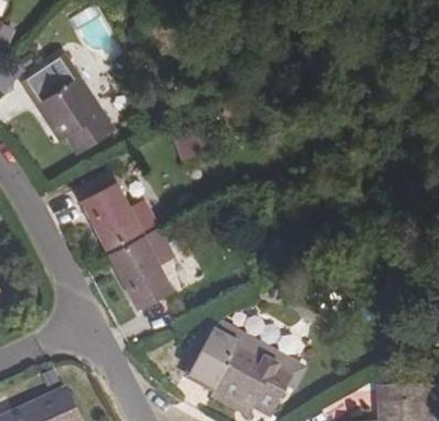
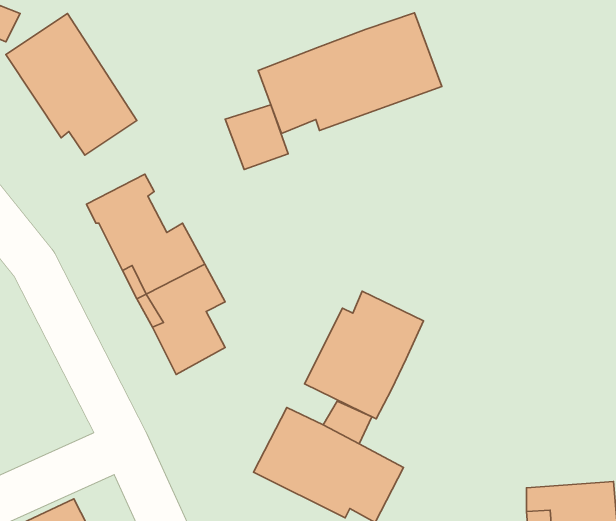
building: none -> [258,13,442,133]
building: none -> [305,291,423,419]

